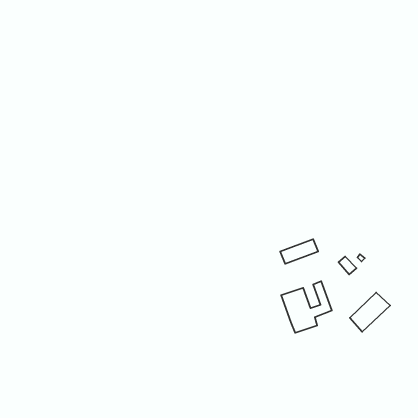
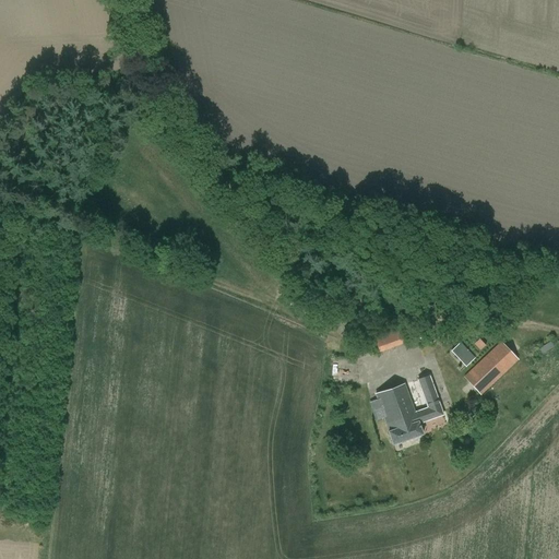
building: [350,292,390,332] -> [465,342,519,394]

